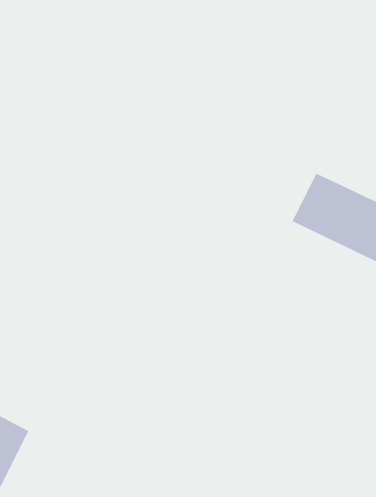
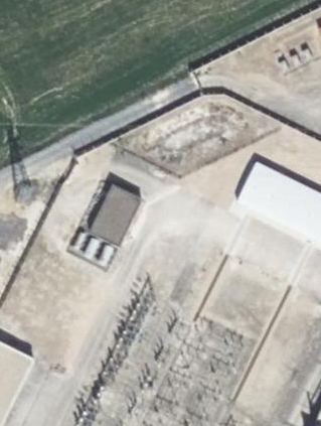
building: none -> [88,186,139,248]

